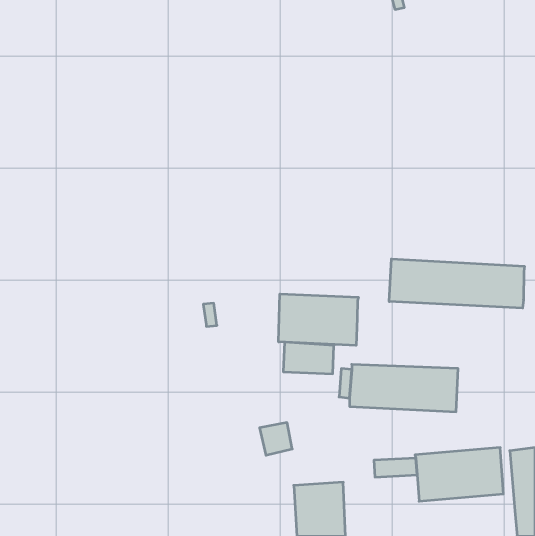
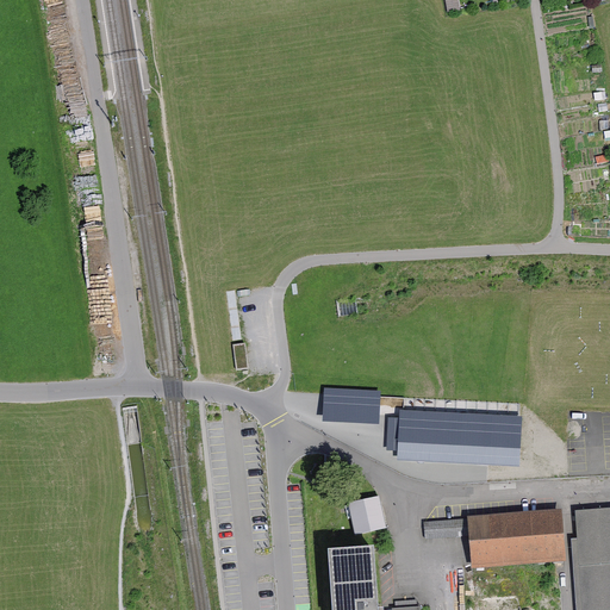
building: [389,259,524,308] -> none
building: [279,294,358,345] -> none
building: [260,423,292,455] -> [346,498,382,535]

